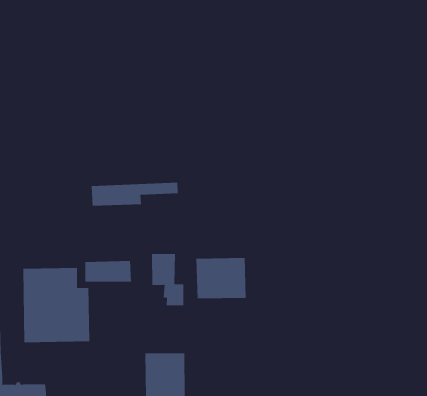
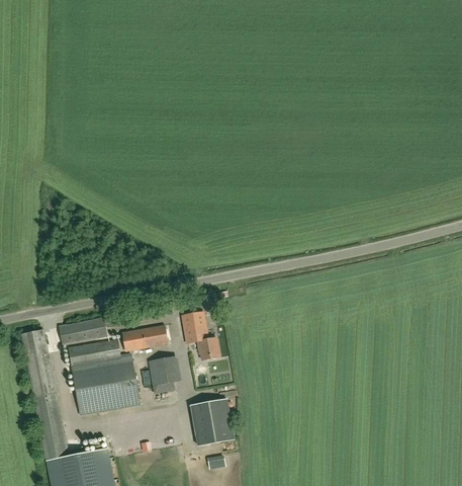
building: [91,182,178,206] -> [59,311,138,345]
building: [196,257,246,299] -> none
building: none -> [148,357,175,394]

